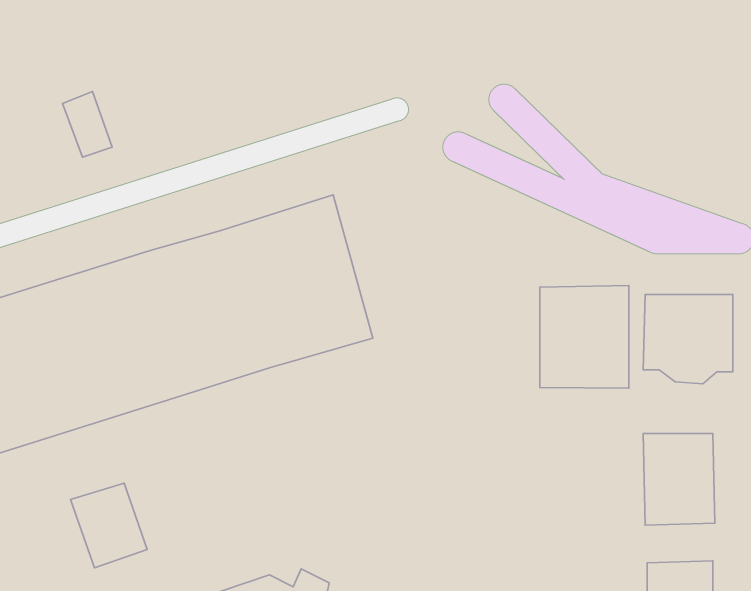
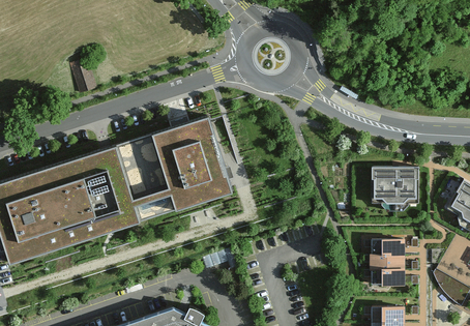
building: [540,285,629,388] -> none
building: [71,483,147,568] -> none

